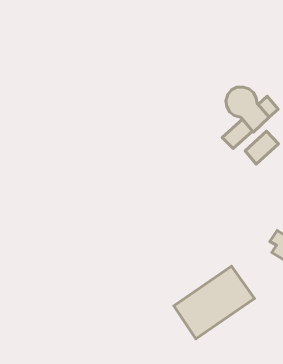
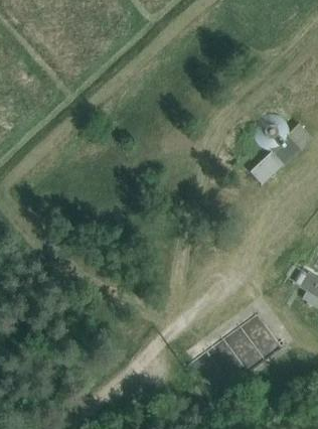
building: [245,131,279,164] -> none

